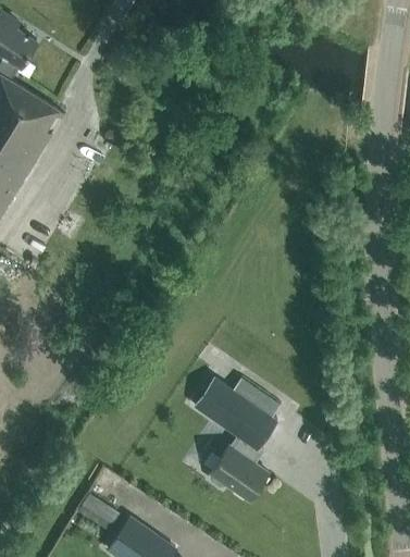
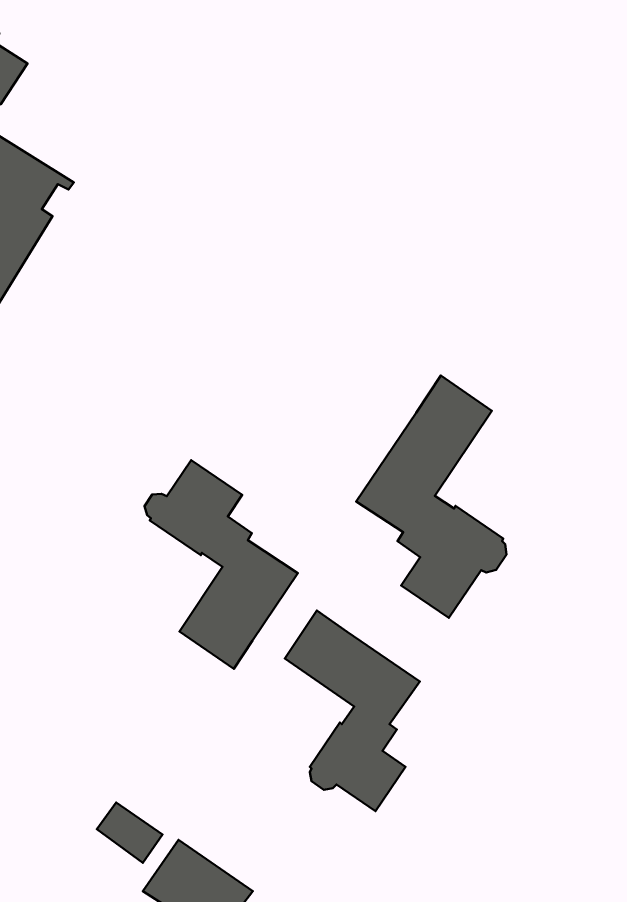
building: none -> [356,375,506,618]
building: none -> [145,460,298,669]

